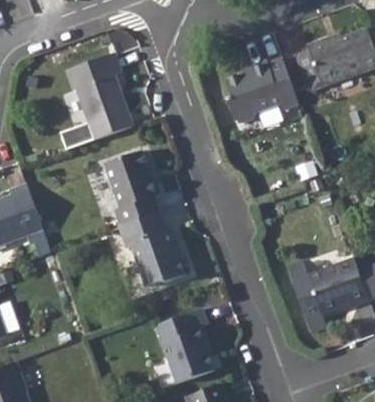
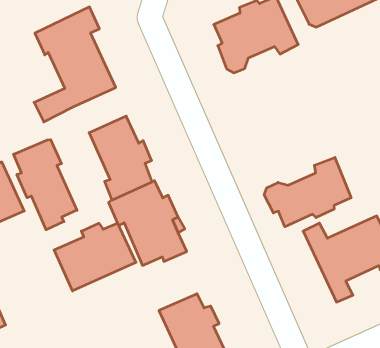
building: none -> [14,140,77,230]
building: none -> [264,157,351,227]
building: none -> [54,223,136,291]

